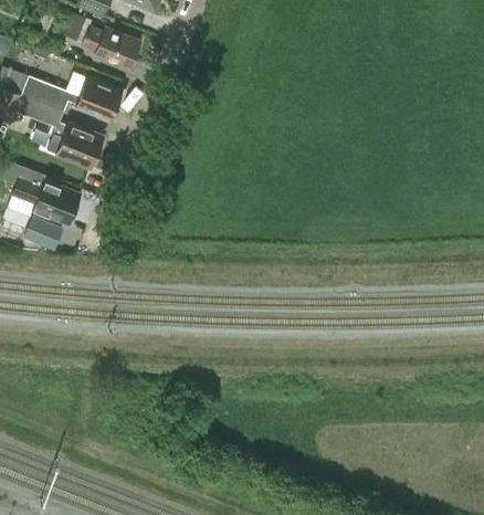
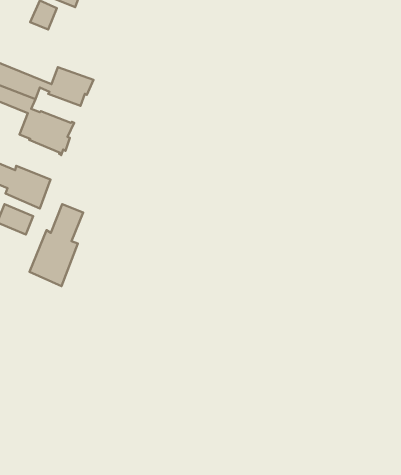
building: [82,24,141,70] -> none
building: none -> [29,204,83,286]

